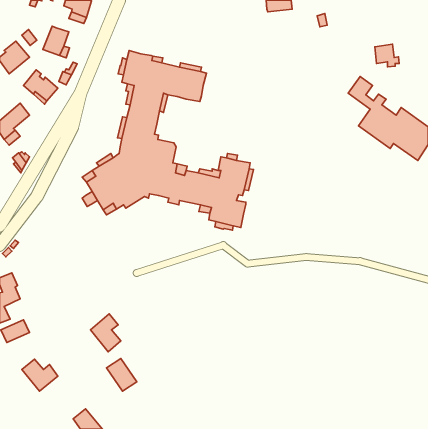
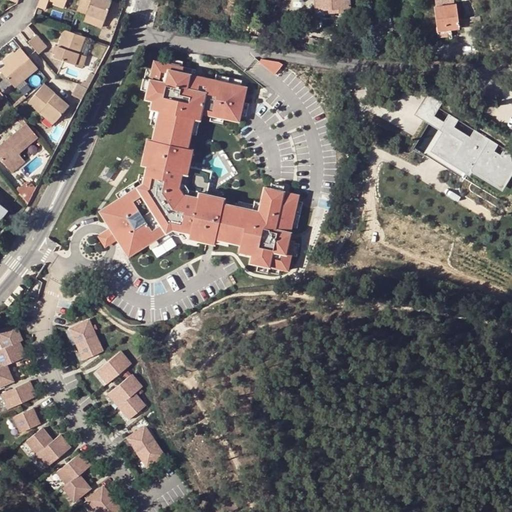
building: [375,44,399,67] -> [432,4,461,31]
building: none -> [69,321,101,359]
building: none -> [96,351,130,383]
building: none -> [13,408,39,432]
building: none -> [56,453,89,500]

